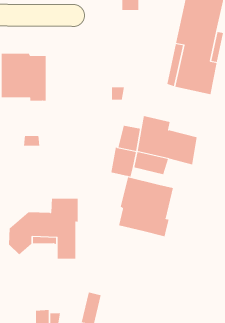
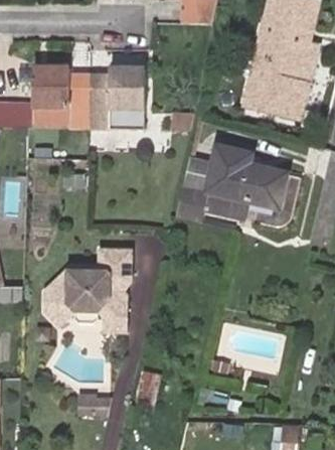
building: none -> [92,69,148,130]
building: [118,176,173,237] -> none

